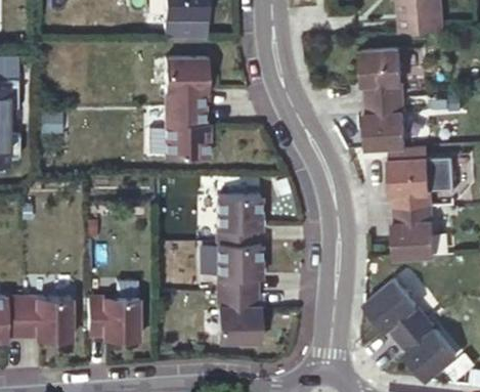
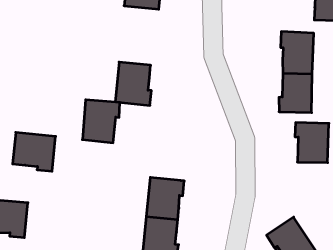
building: [166,60,209,111] -> none
building: [218,198,261,248] -> [82,100,120,143]
building: [395,208,437,259] -> none
building: [90,294,139,337] -> [13,132,56,171]

